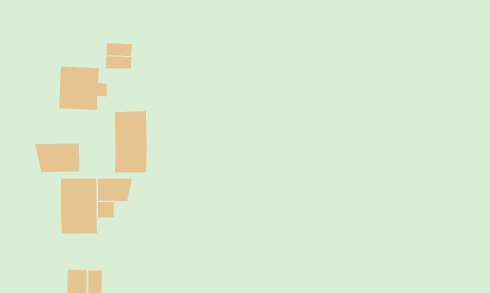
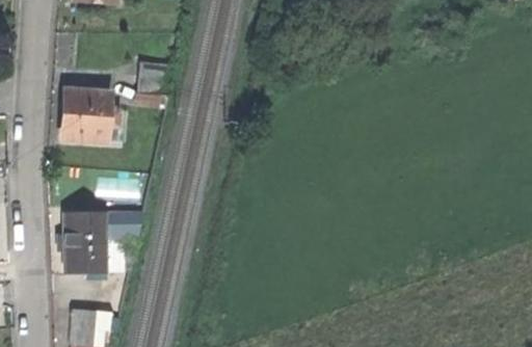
building: [114,111,147,173] -> none
building: [35,143,80,173] -> none

